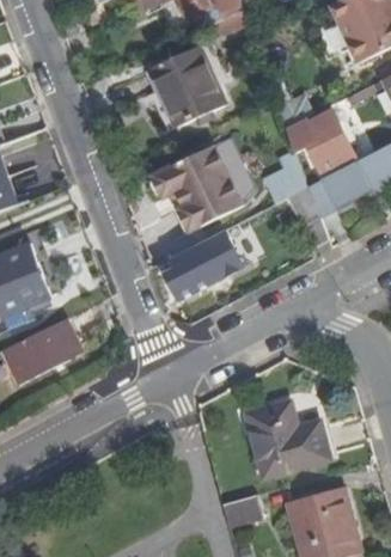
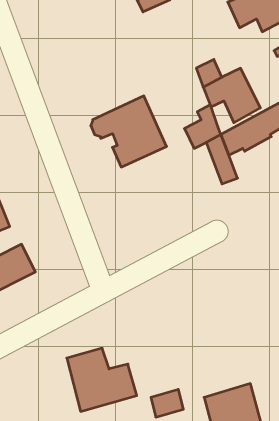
building: [147,47,224,128] -> none
building: [165,233,242,301] -> none
building: [245,402,330,478] -> [67,348,137,411]

